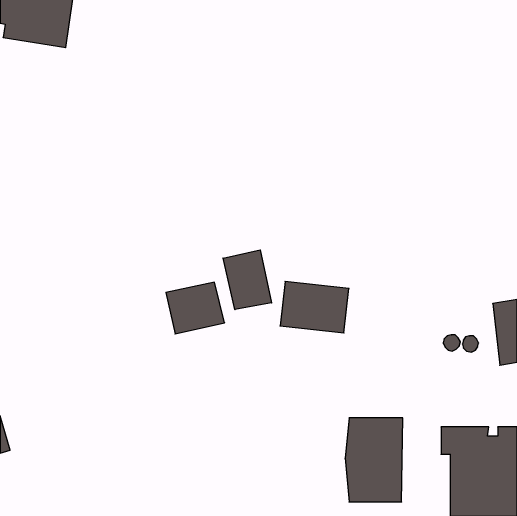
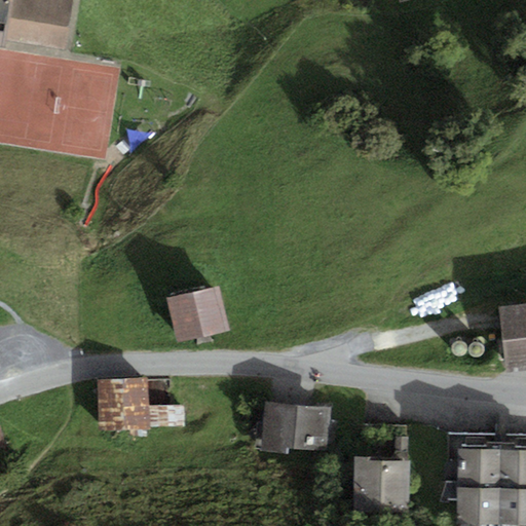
building: [223,250,272,310] -> none
building: [280,281,349,333] -> [263,401,333,453]
building: none -> [97,378,185,434]

